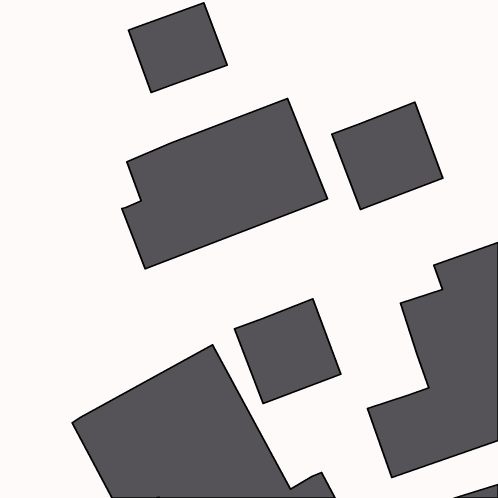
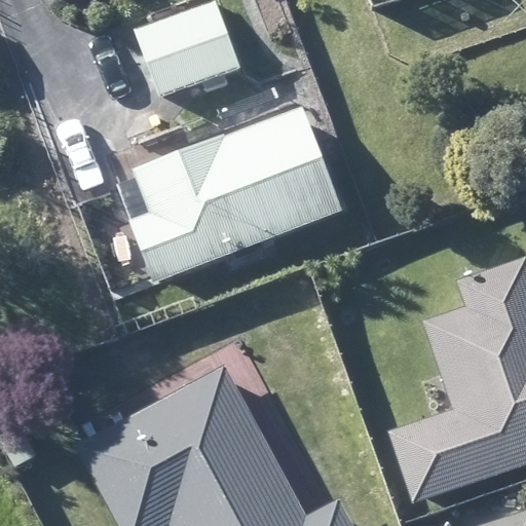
building: [332,102,443,209] -> none
building: [234,299,341,404] -> none

